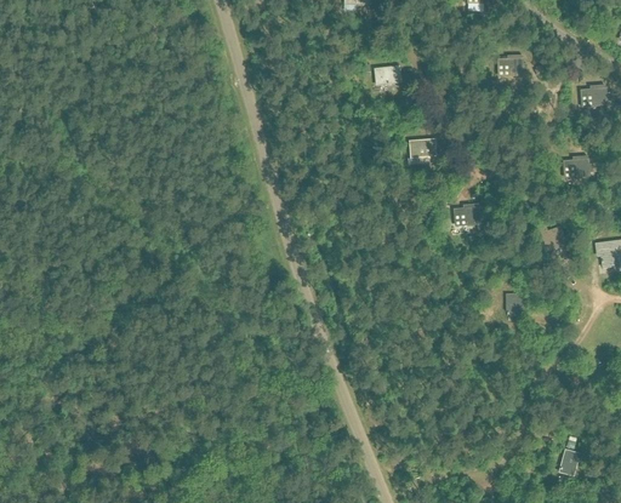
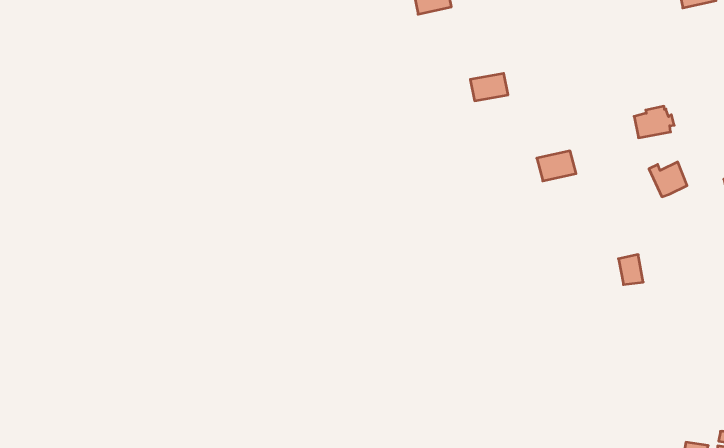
building: [563,156,593,178] -> [634,106,674,138]

